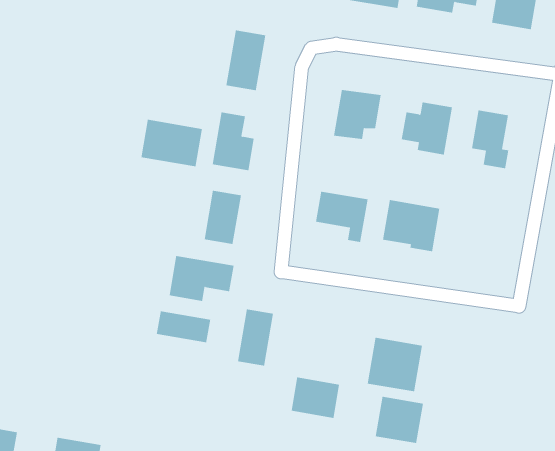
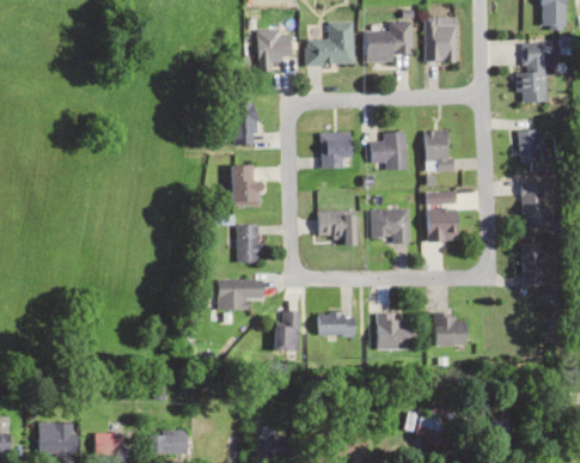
building: [141,119,203,167] -> none
building: none -> [427,197,458,242]
building: [156,310,211,343] -> none
building: [291,377,340,418] -> [319,310,353,336]
building: [375,396,424,444] -> [434,315,466,346]

